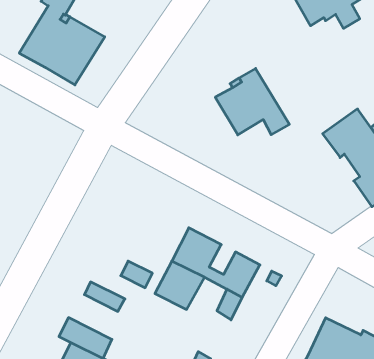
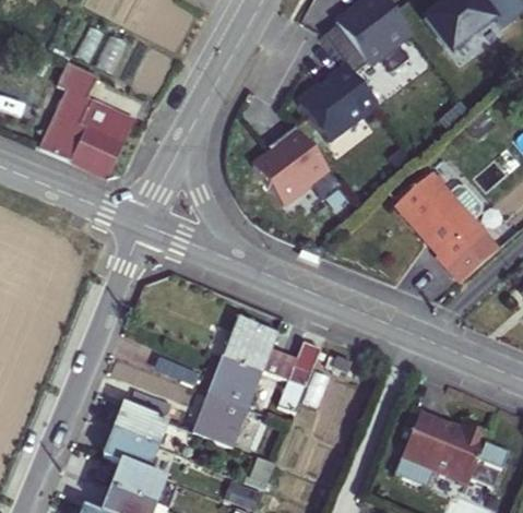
building: none -> [290,58,373,140]
building: none -> [119,411,182,461]
building: none -> [201,403,253,452]

